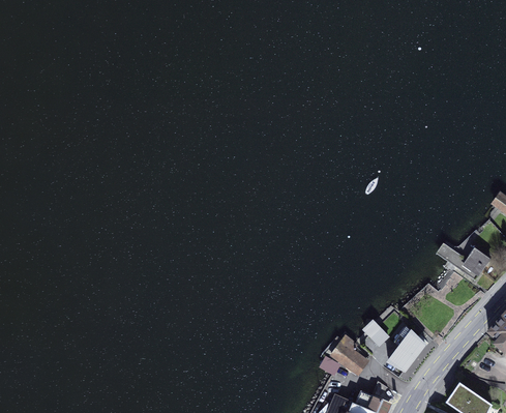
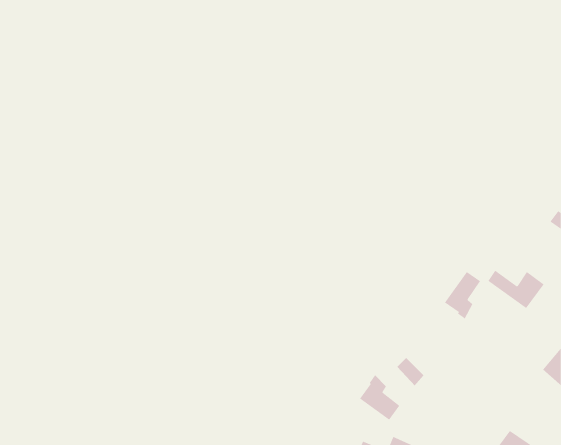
building: none -> [444,271,481,320]
building: [388,326,424,371] -> none

